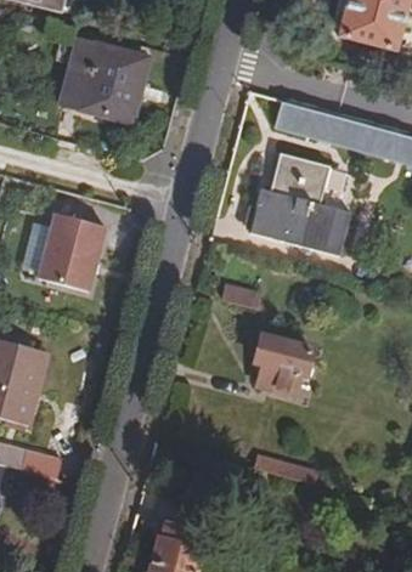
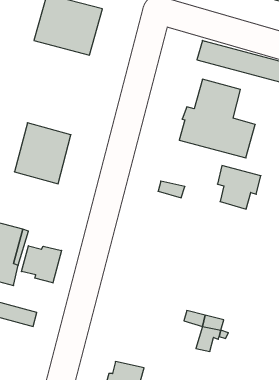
building: [256,338,314,395] -> [217,166,261,209]
building: none -> [21,246,62,283]

